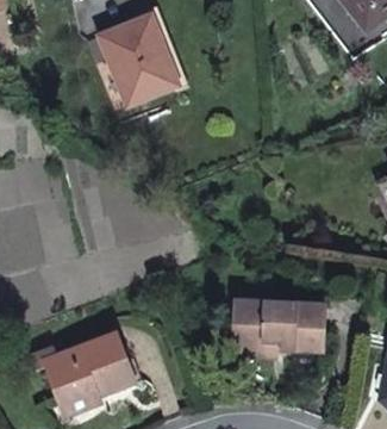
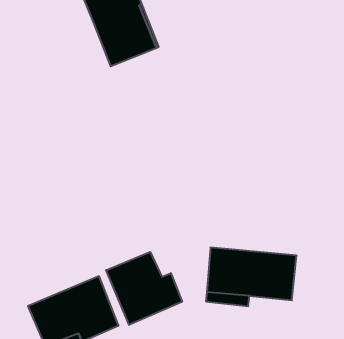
building: none -> [106,252,182,325]

